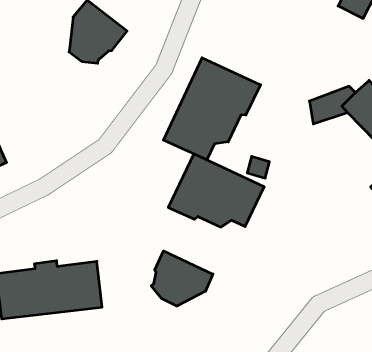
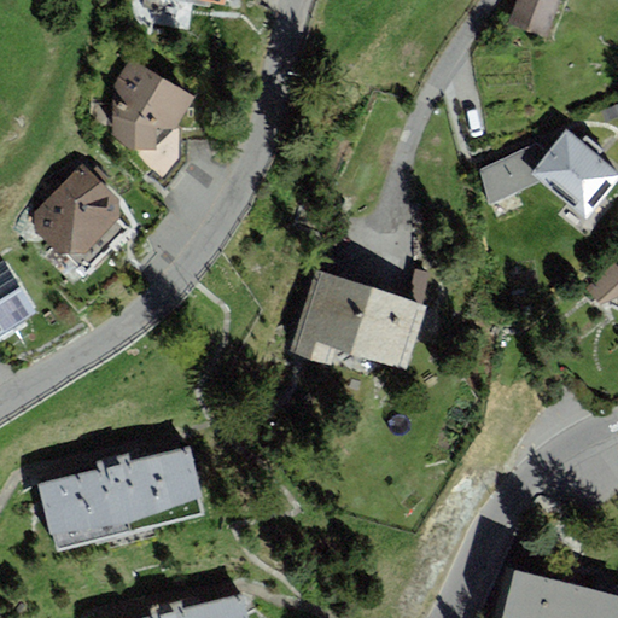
building: [163,58,261,160] -> none
building: none -> [34,163,128,272]
building: [151,251,213,306] -> none

